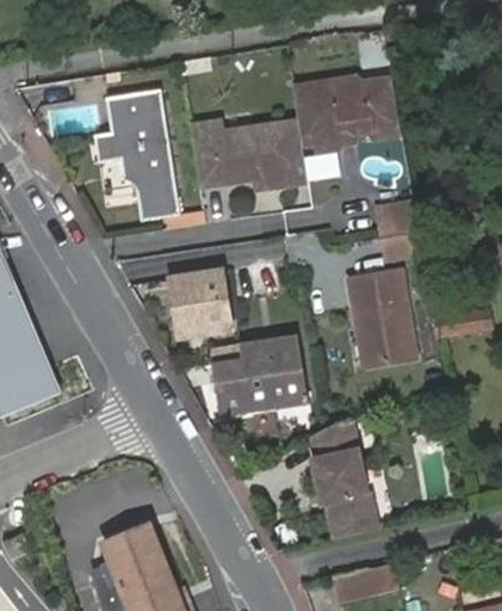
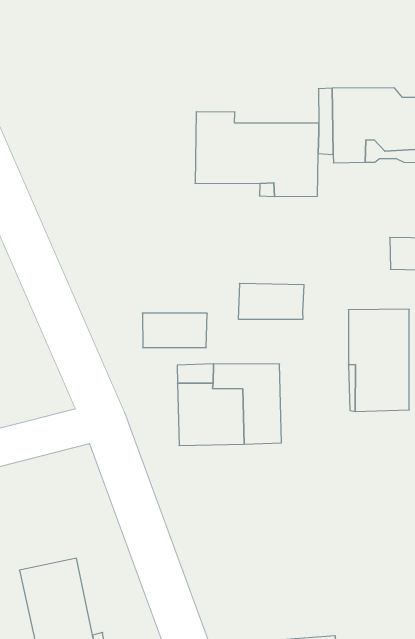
building: [99,93,181,226] -> none
building: [167,269,227,307] -> [238,283,304,319]
building: [311,419,378,539] -> none

